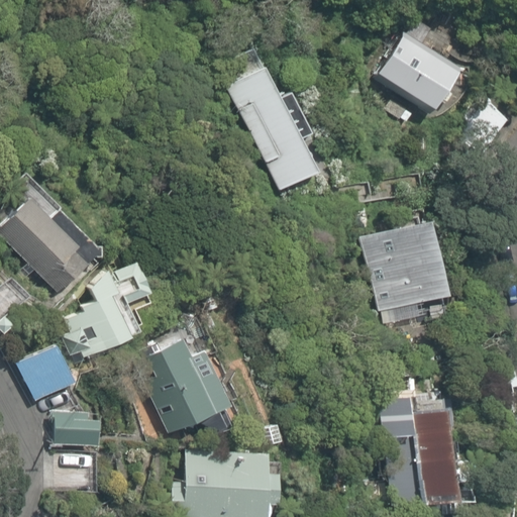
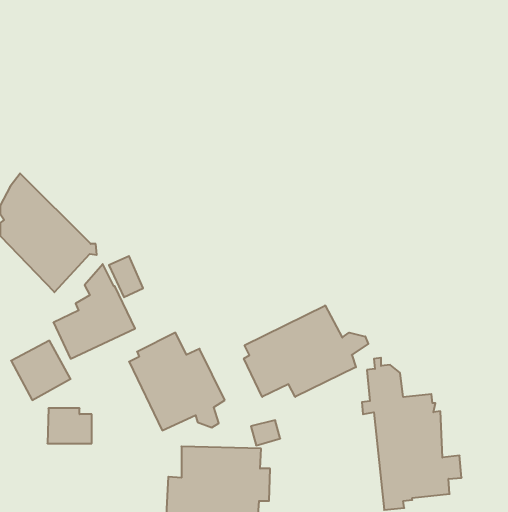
building: [380,35,459,111] -> none
building: [227,68,320,194] -> none
building: [356,222,447,317] -> none
building: none -> [244,305,368,397]

